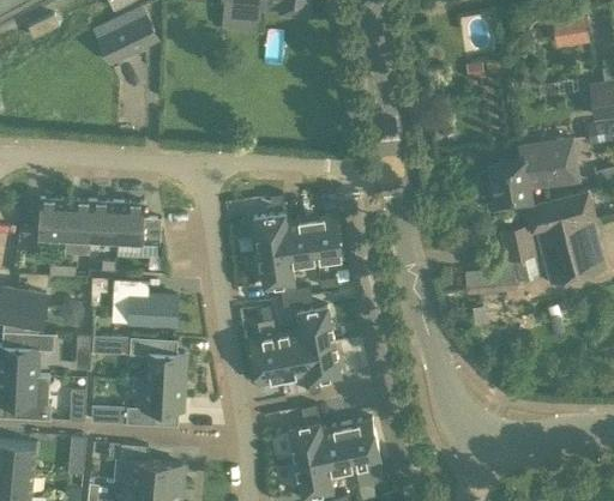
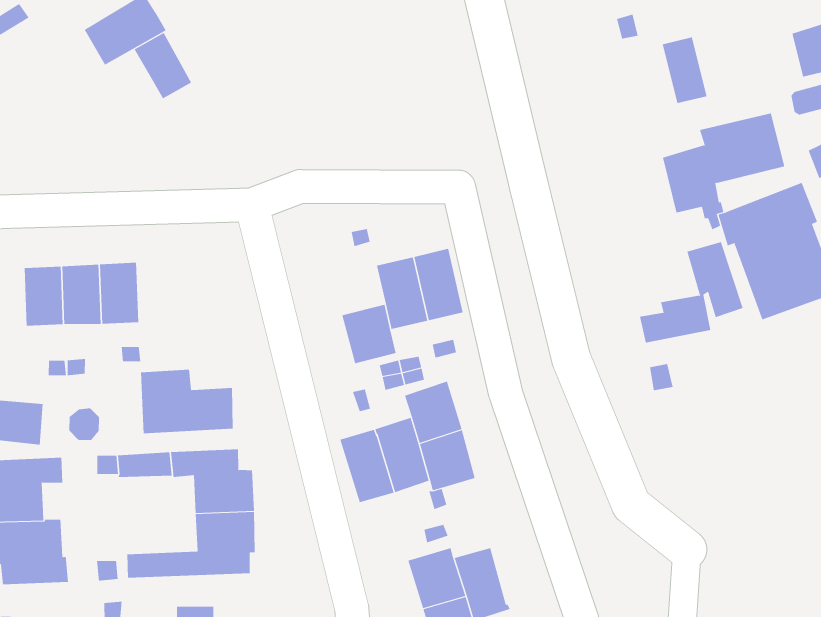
building: none -> [134,32,192,99]
building: none -> [662,37,707,104]
building: [116,203,161,246] -> none
building: [253,213,289,253] -> none
building: [347,418,381,469] -> none

